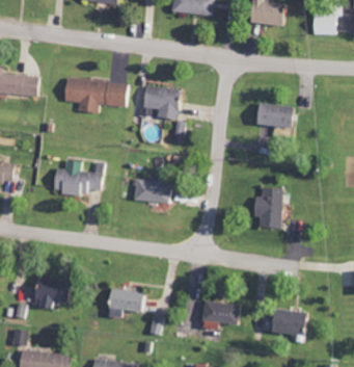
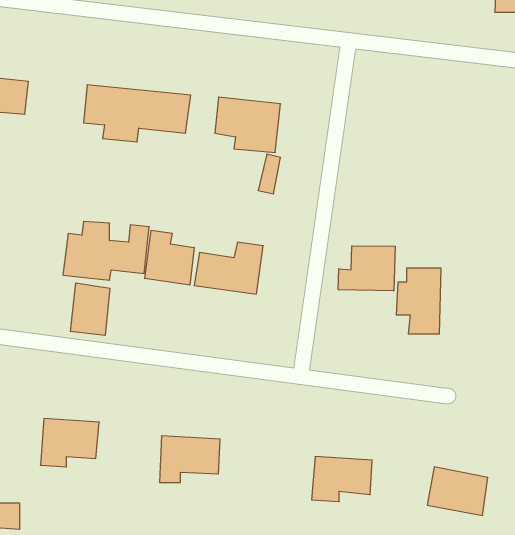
building: [256,102,294,129] -> none
building: none -> [145,230,194,285]
building: none -> [338,246,395,291]
building: none -> [70,283,110,335]

